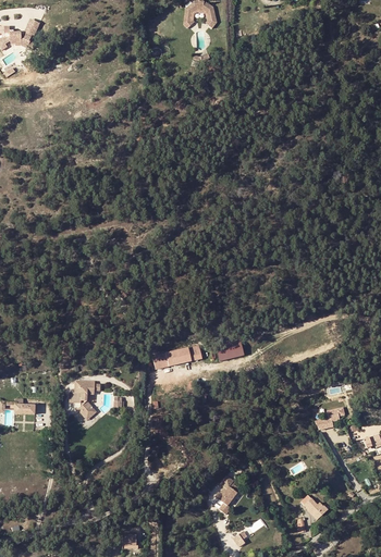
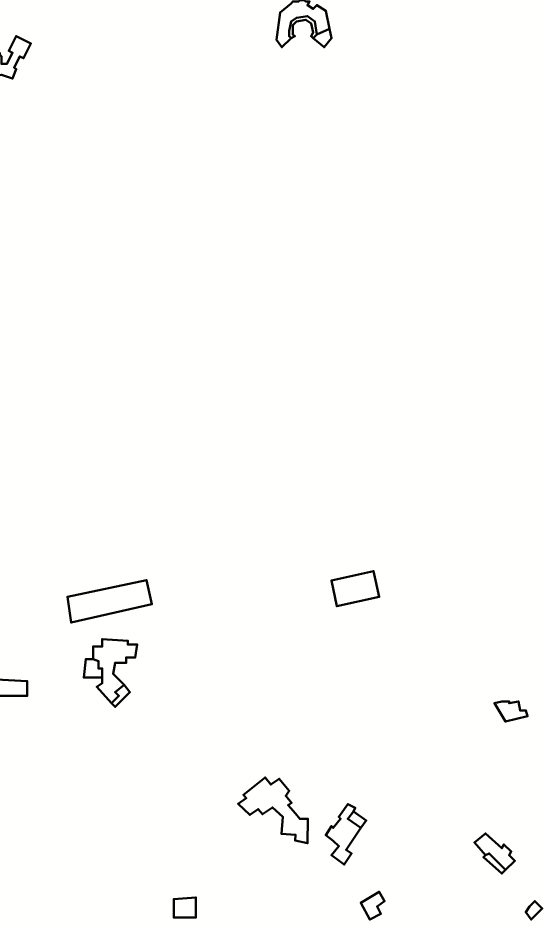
building: [153,344,204,369] -> [68,580,152,622]
building: none -> [238,778,308,843]

